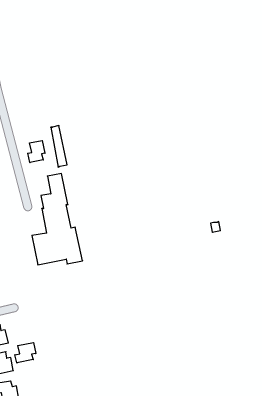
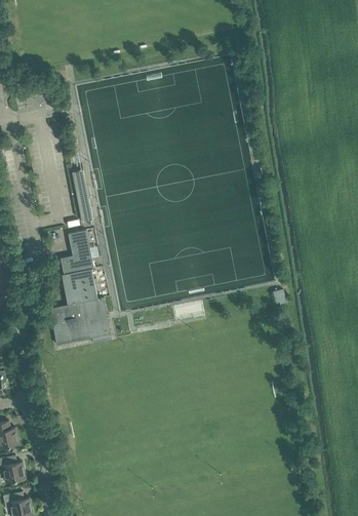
building: [28,141,45,163] -> none
building: [15,343,36,363] -> none

